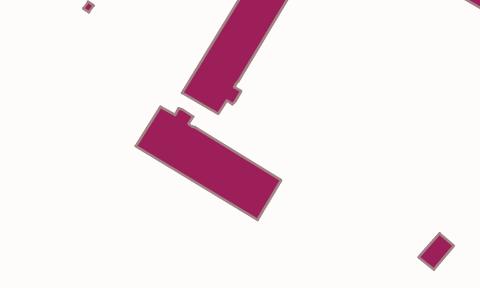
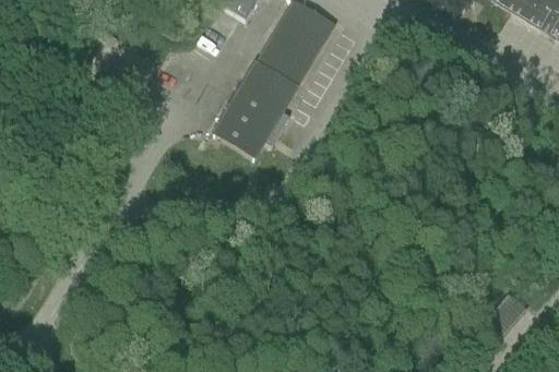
building: [136,107,281,220] -> none

